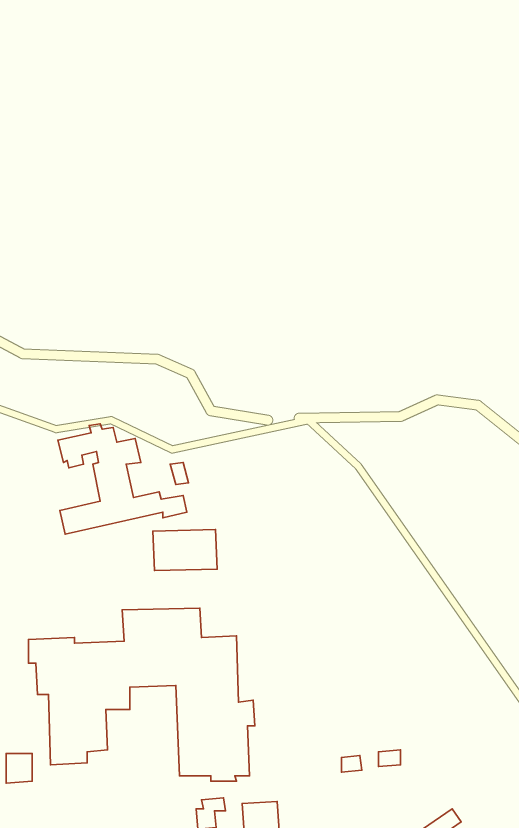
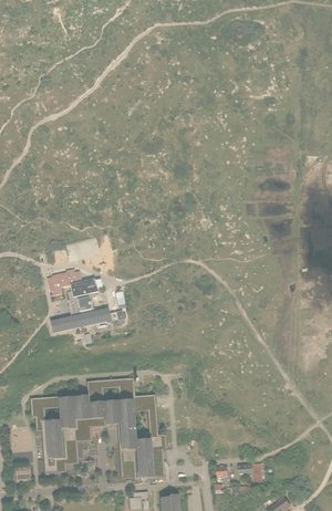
building: [153,530,217,571] -> none

